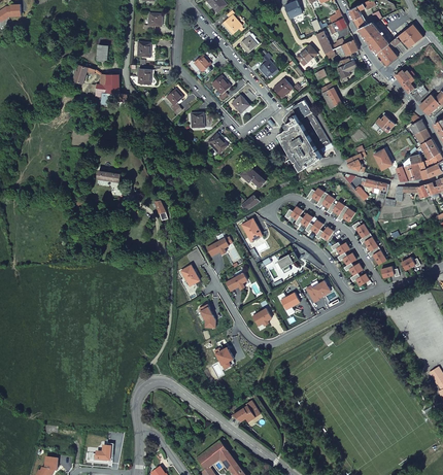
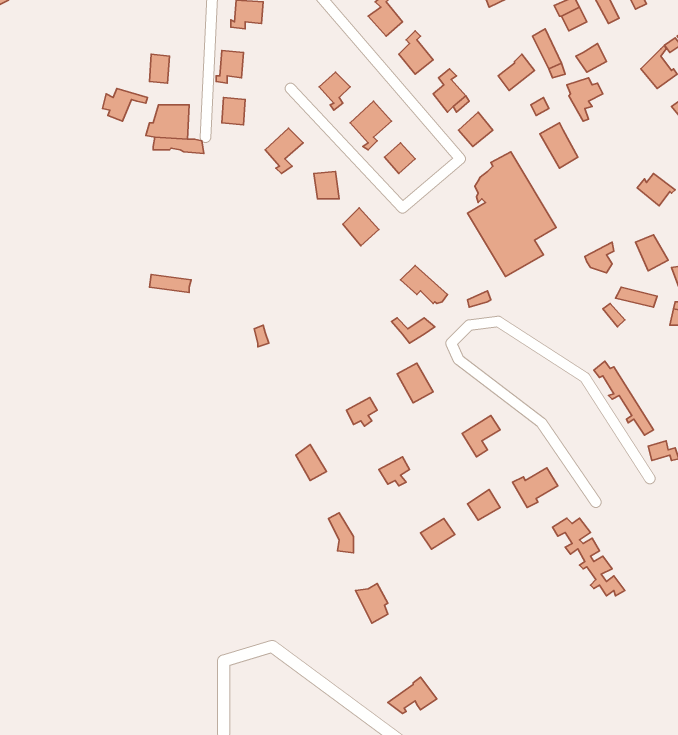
building: [359,21,388,54] -> none
building: [305,189,357,224] -> none
building: [284,207,333,241] -> none
building: [329,241,370,285] -> [552,518,625,596]

